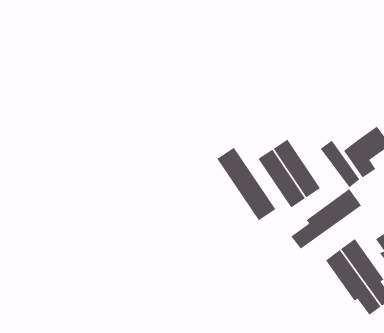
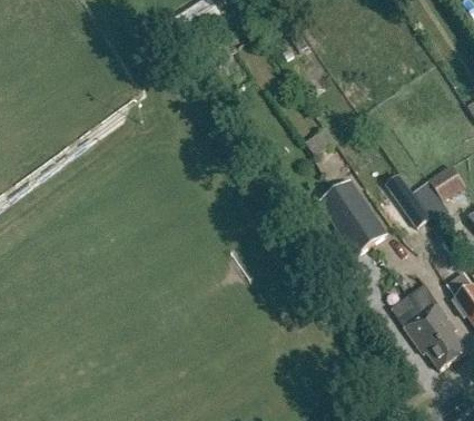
building: [217,147,276,221] -> none
building: [290,188,362,250] -> none

